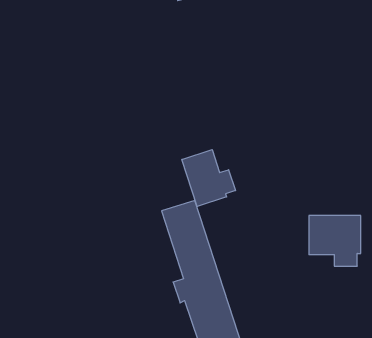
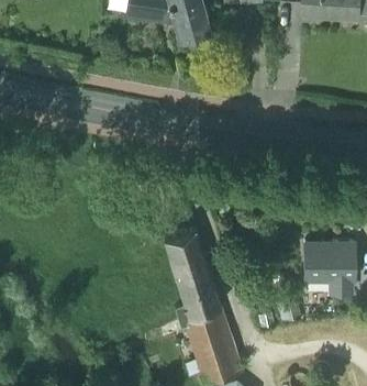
building: [182,150,235,207] -> none

